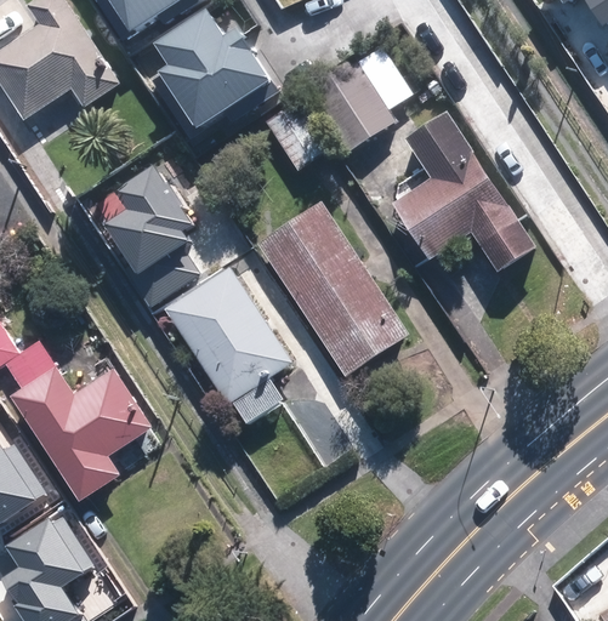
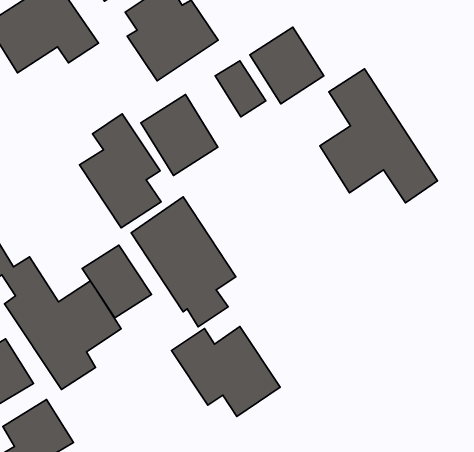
building: none -> [141,95,218,175]
building: [257,204,407,376] -> none
building: none -> [82,245,151,318]
building: none -> [172,326,280,417]

